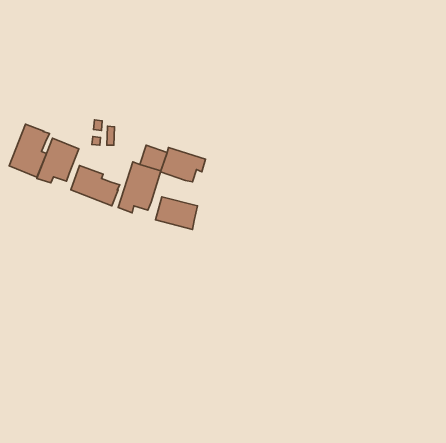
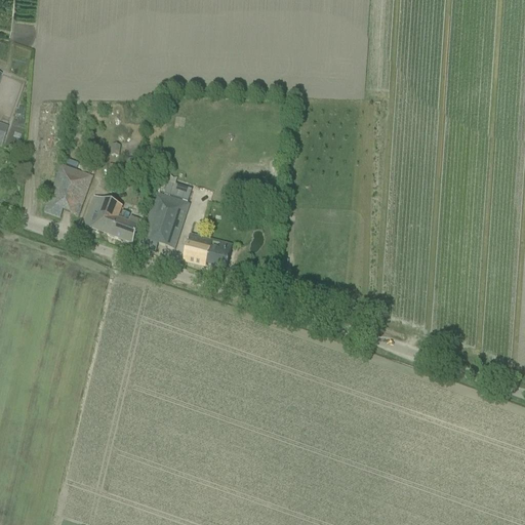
building: [9,124,50,177] -> none
building: [161,147,205,182] -> none

